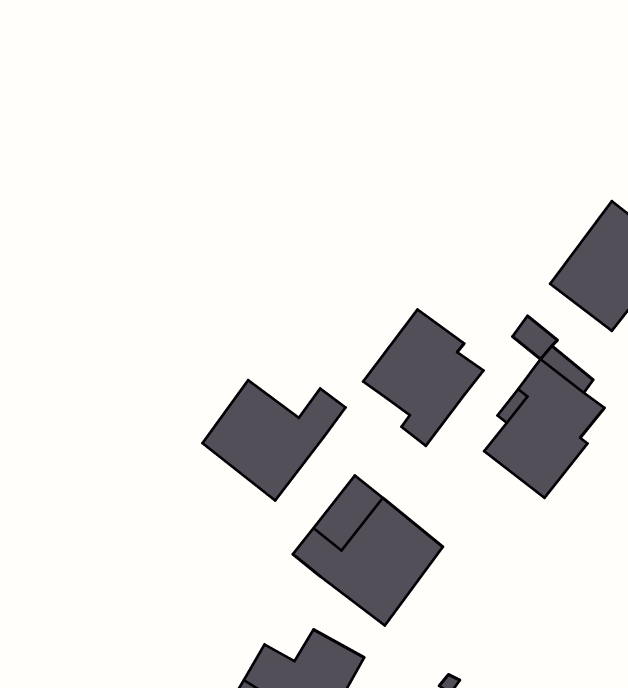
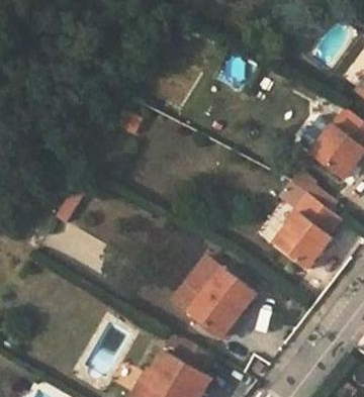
building: [363,310,484,446] -> none
building: [203,380,345,501] -> none

